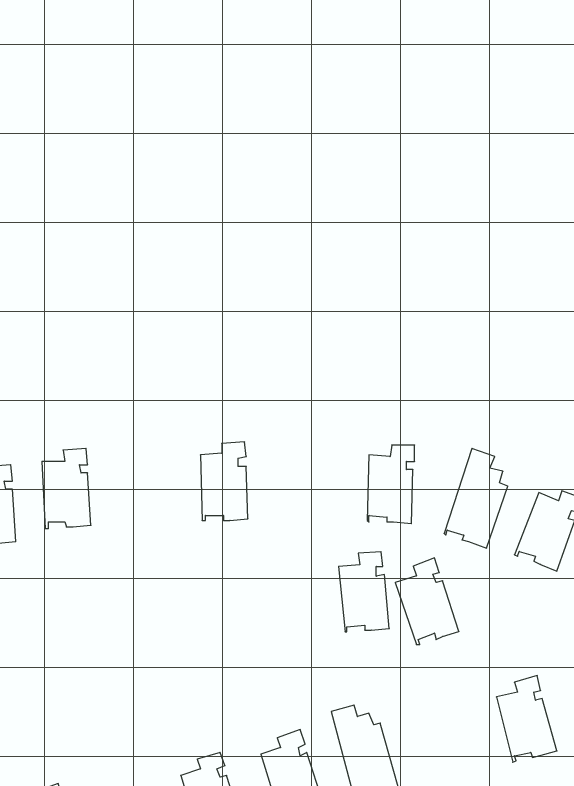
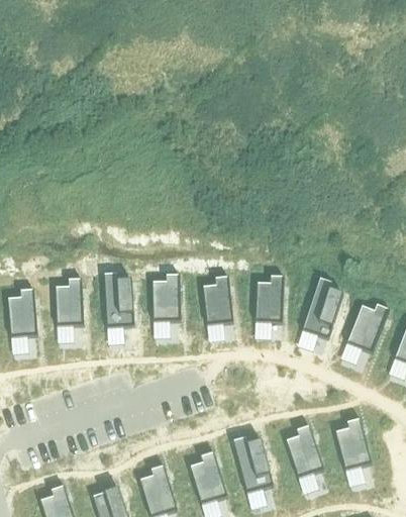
building: none -> [103,272,134,328]
building: [339,552,389,632] -> [202,276,233,325]
building: [395,558,459,645] -> [285,425,324,479]

